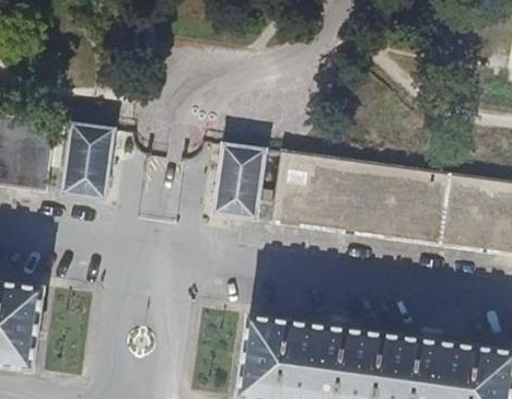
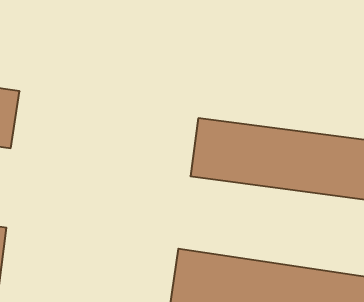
building: [60,124,117,201] -> none
building: [211,143,269,221] -> none

